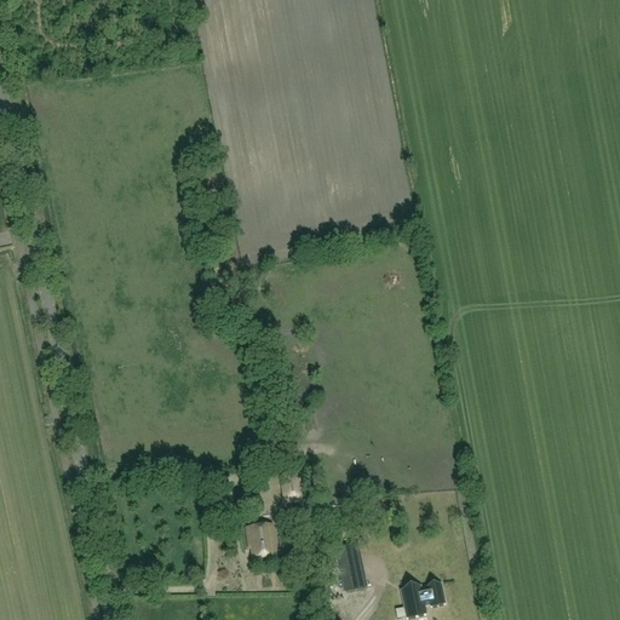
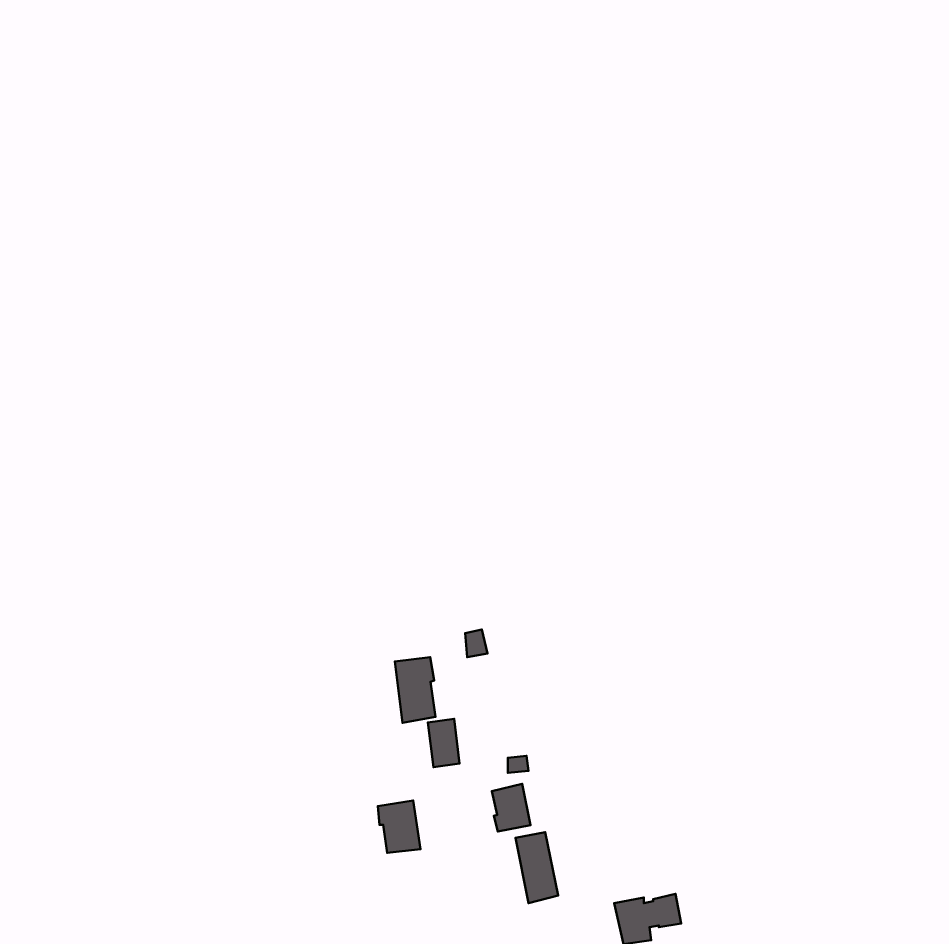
building: none -> [395,657,435,723]
building: none -> [492,784,530,832]

